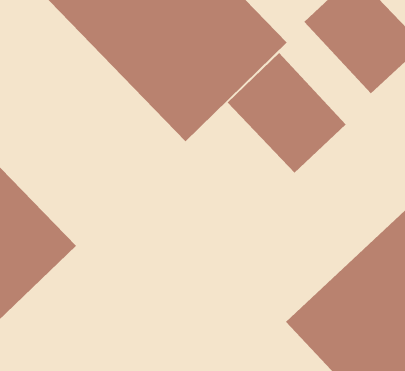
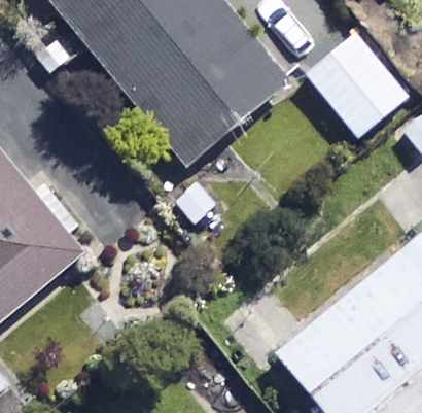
building: [227,52,346,174] -> none

